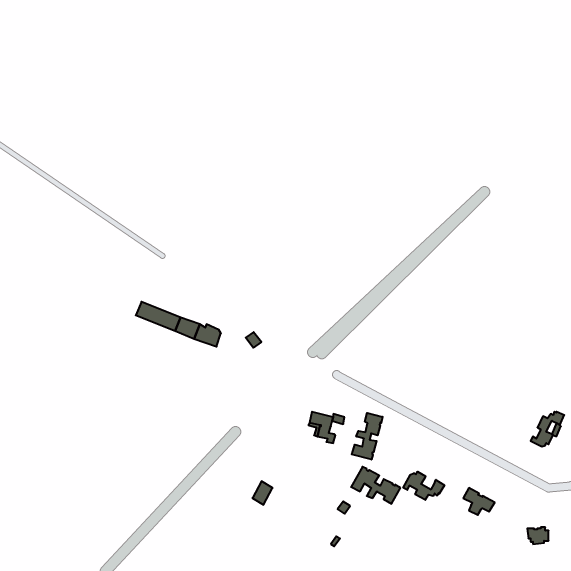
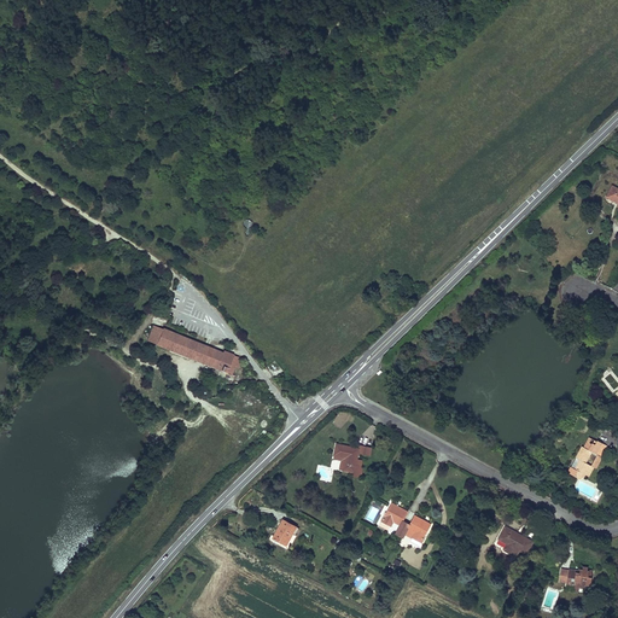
building: [352,413,383,460] -> none
building: [403,472,444,500] -> none

